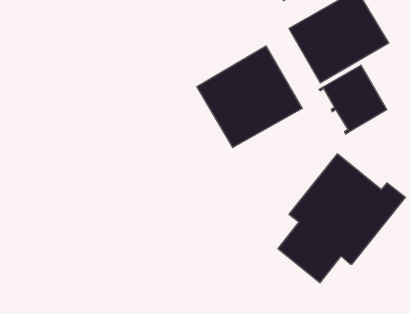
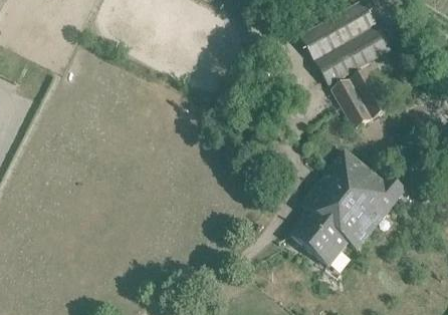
building: [197,46,302,148] -> none

